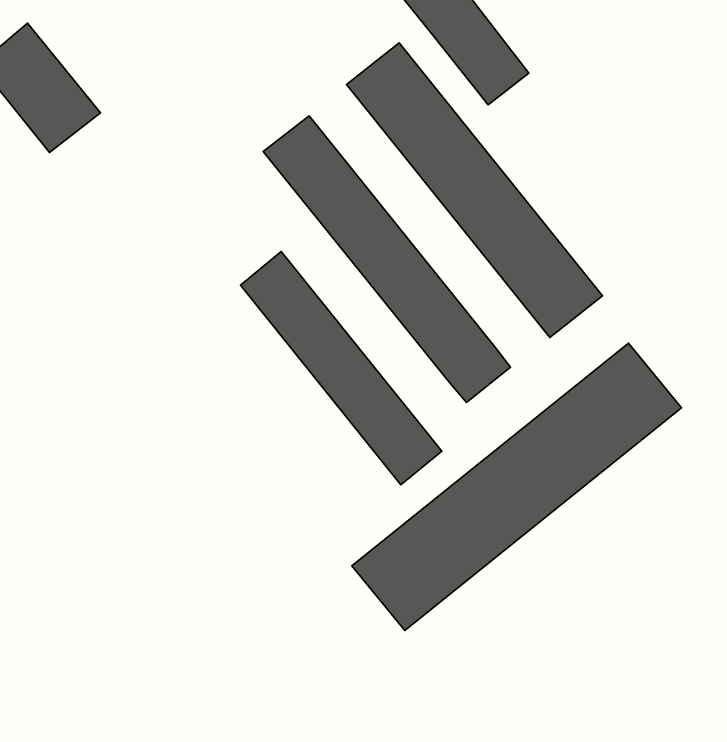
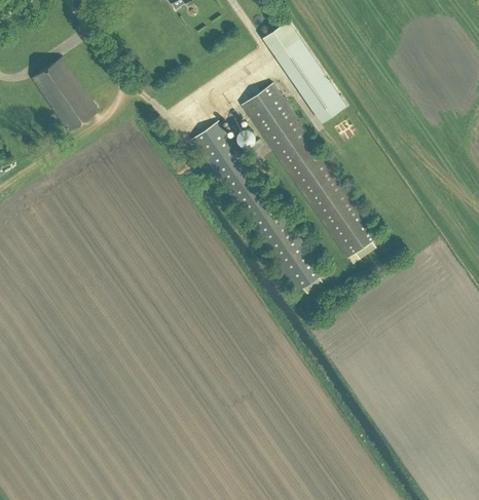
building: [240,252,442,485] -> none
building: [352,343,681,631] -> none

